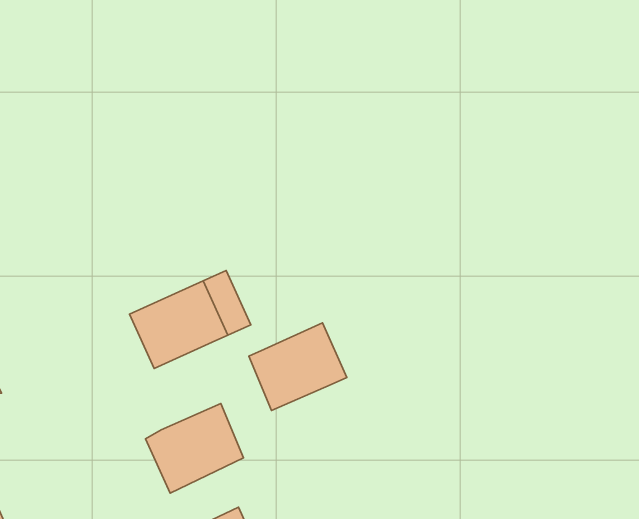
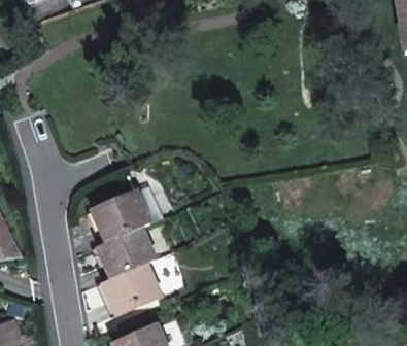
building: [249,323,347,411] -> [98,227,156,278]

